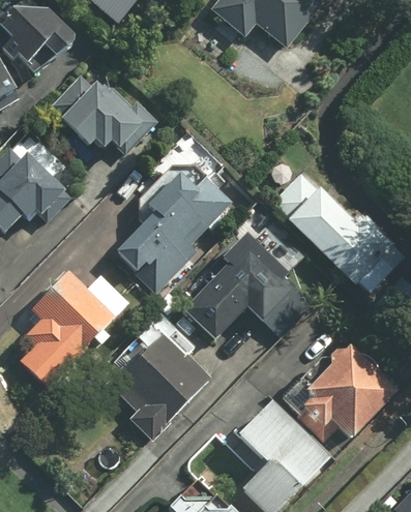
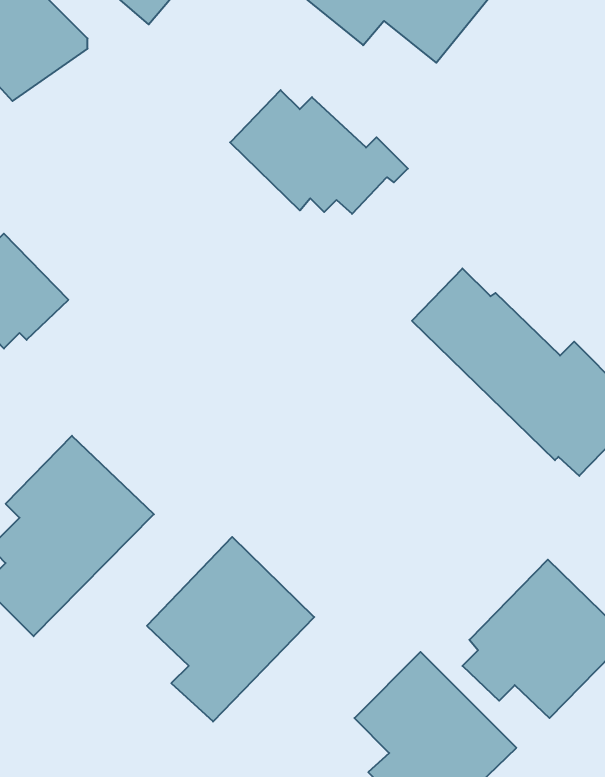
building: [48,74,153,148] -> [230,90,408,214]
building: [113,172,239,296] -> none
building: [182,241,296,340] -> none

